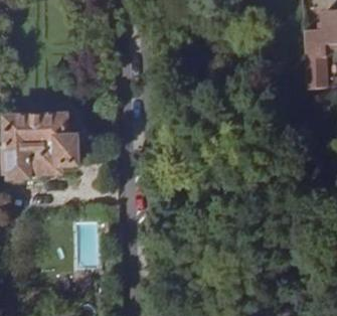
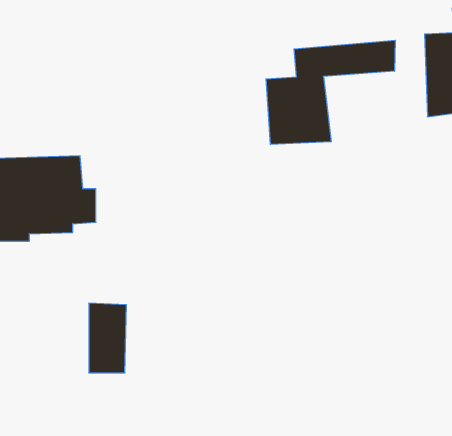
building: none -> [266,40,395,145]

